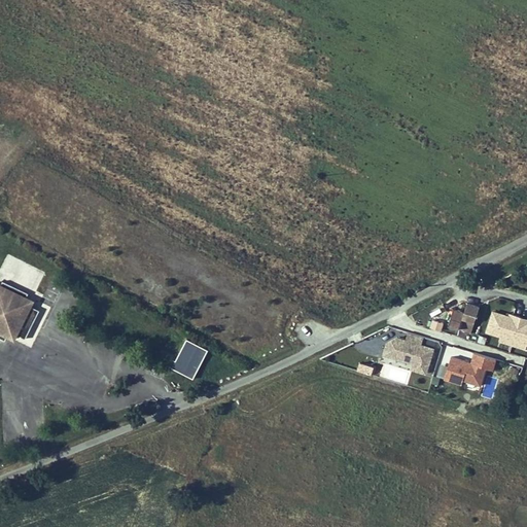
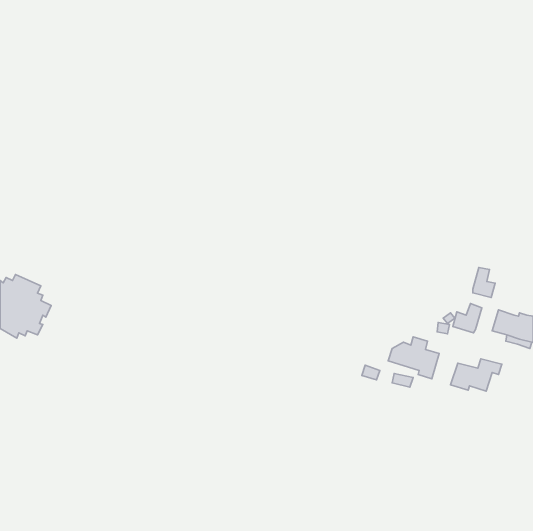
building: none -> [473,268,495,298]
building: [172,340,207,379] -> none

